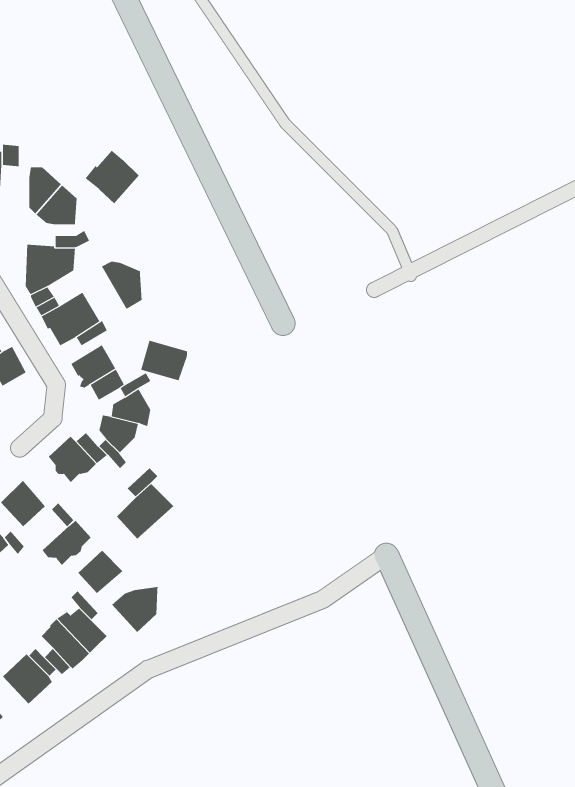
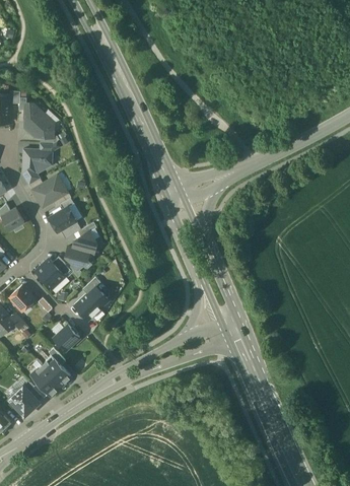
building: [85,150,139,204] -> none
building: [101,261,142,310] -> none
building: [140,340,188,381] -> none
building: [42,520,92,566] -> none
building: [111,586,158,633] -> none

